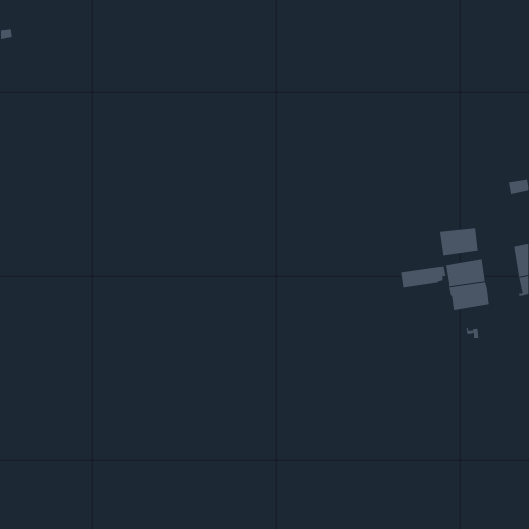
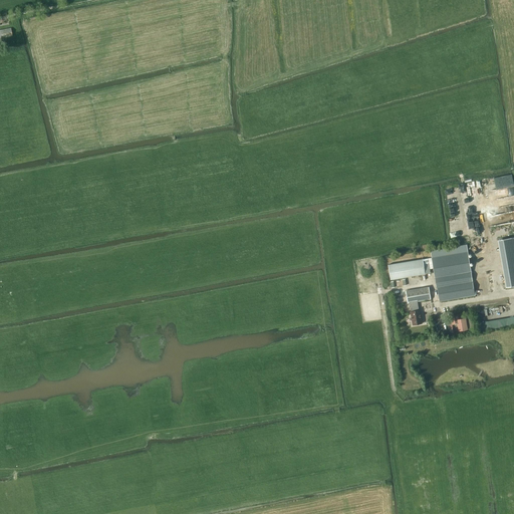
building: [439,227,479,256] -> none
building: none -> [406,287,431,325]

